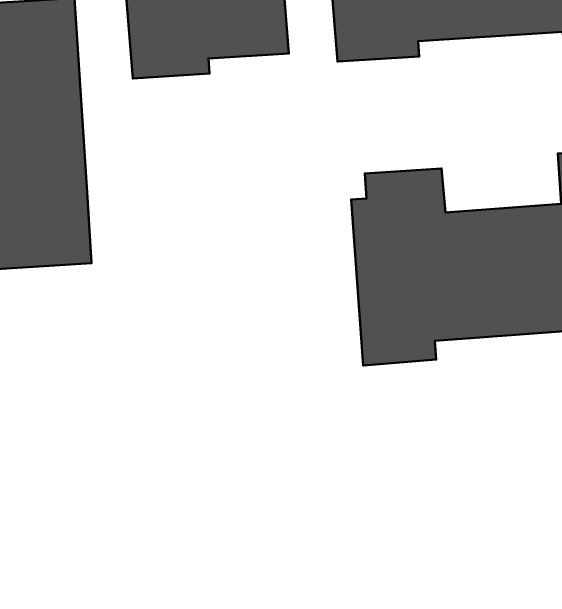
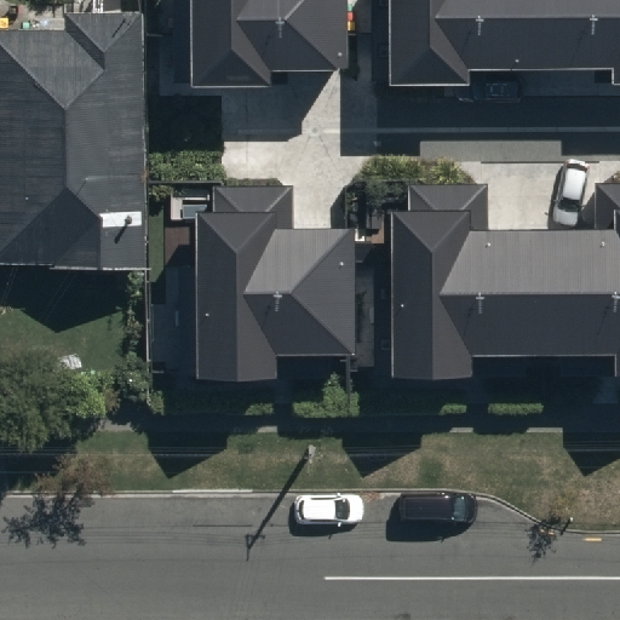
building: none -> [197,191,352,378]

